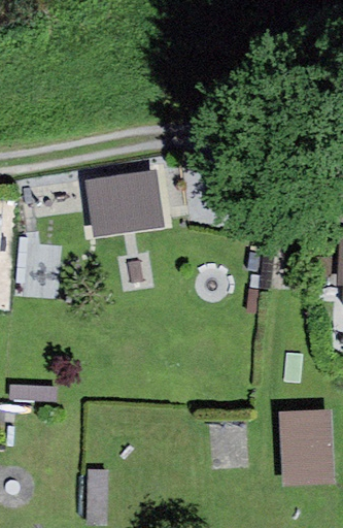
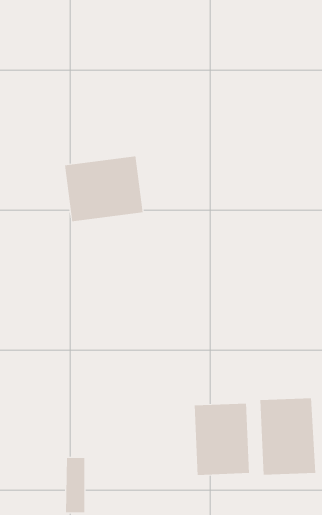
building: none -> [194,403,249,476]

